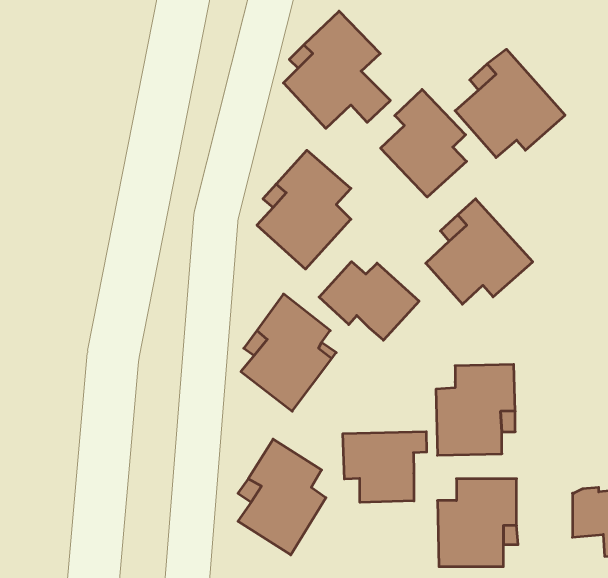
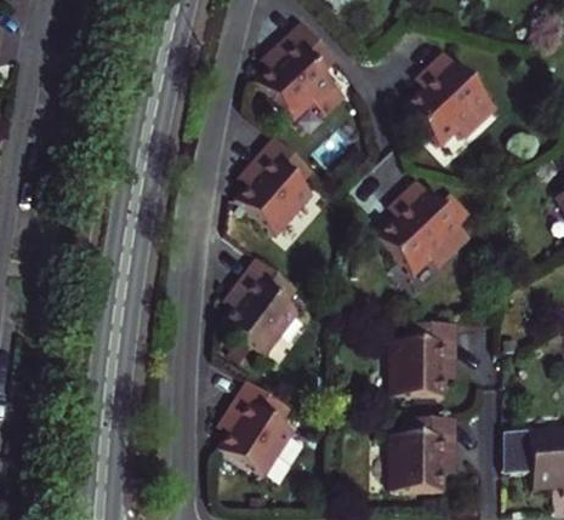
building: [381,89,467,197] -> none
building: [319,262,419,340] -> none
building: [343,432,427,502] -> none

